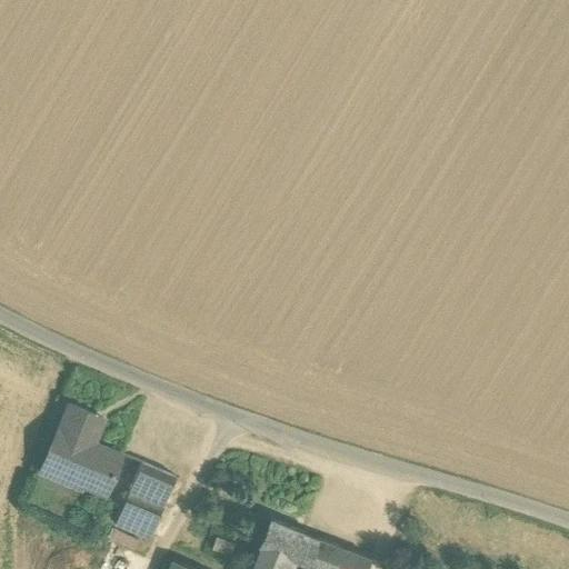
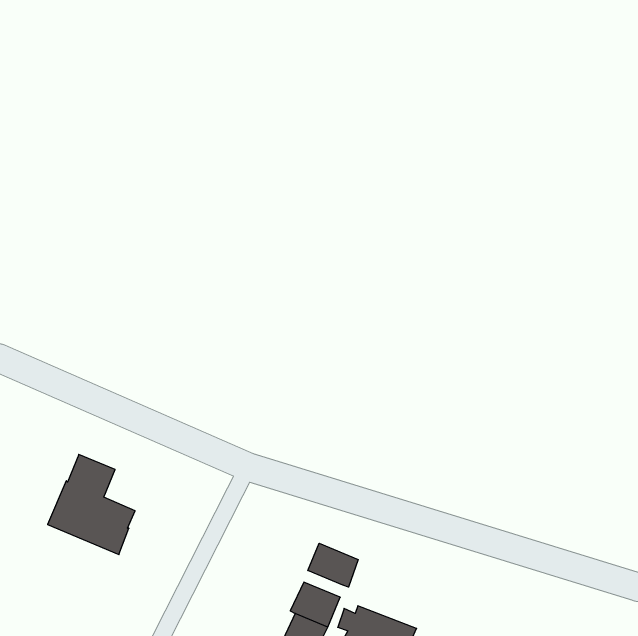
building: [116,465,177,541] -> none
building: none -> [308,543,358,587]

